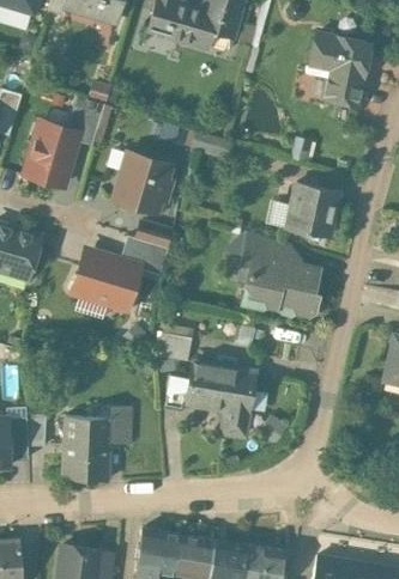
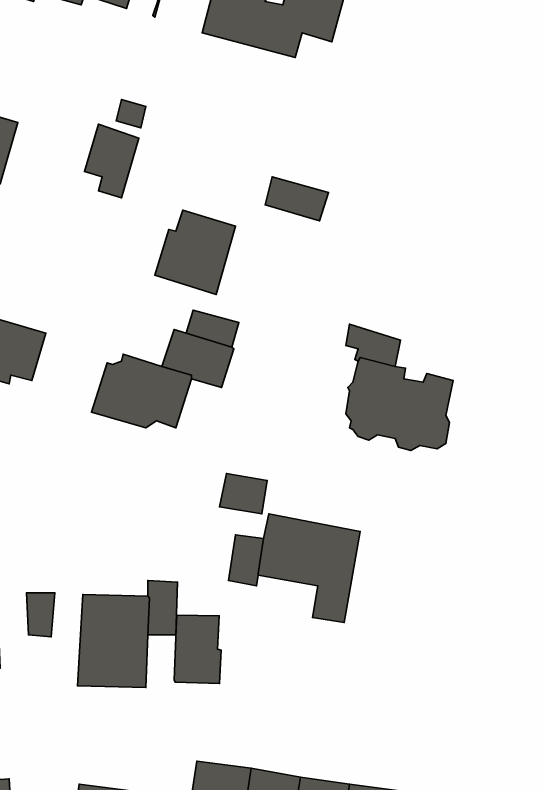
building: [307,33,370,106] -> none
building: [26,123,79,187] -> none
building: [286,183,339,239] -> none
building: none -> [174,615,221,684]

